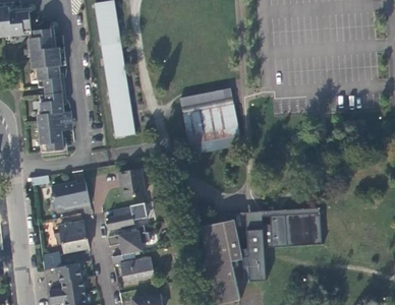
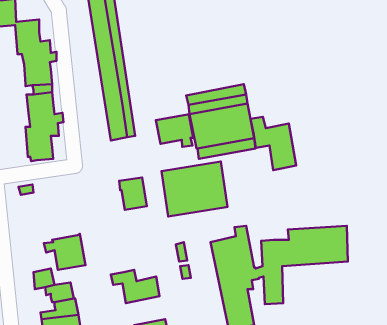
building: none -> [156,114,193,147]
building: none -> [251,117,296,170]
building: none -> [161,161,227,216]
building: [52,180,92,208] -> none
building: [108,205,135,228] -> none
building: [109,224,150,252] -> none

